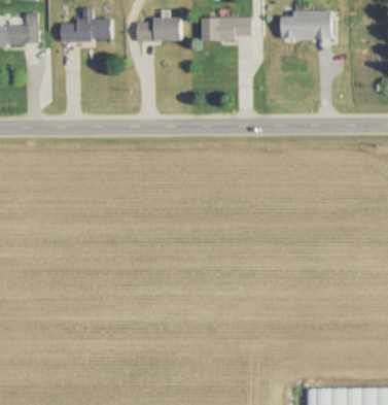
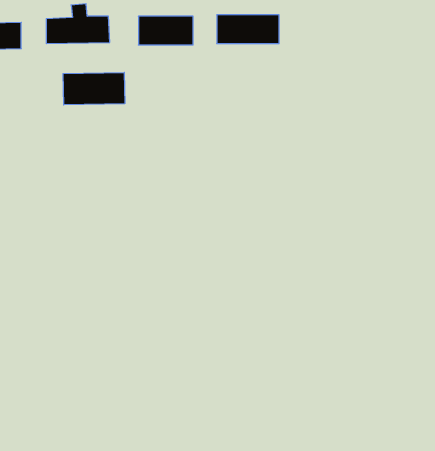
building: [281,12,331,38] -> none
building: none -> [63,72,125,105]

